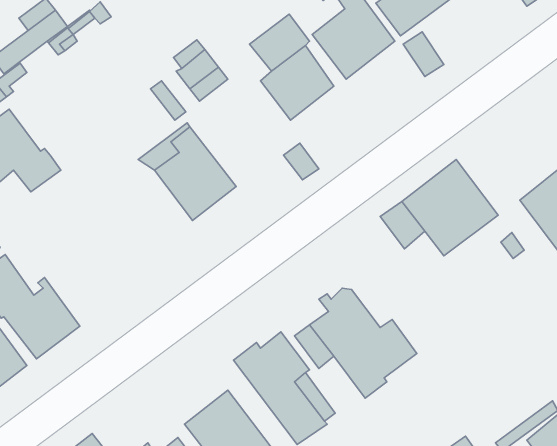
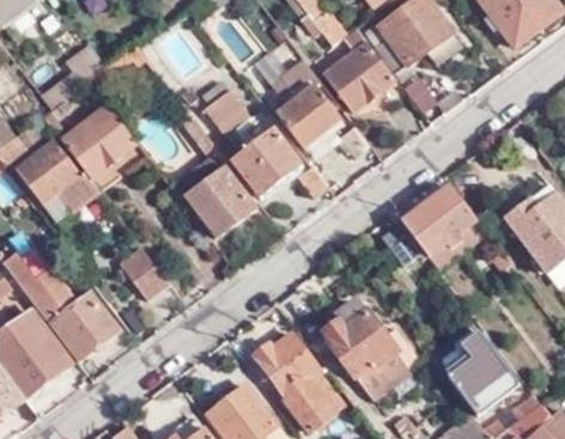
building: none -> [57,100,138,179]
building: none -> [231,128,300,196]
building: none -> [117,245,170,301]
building: none -> [446,330,514,413]

